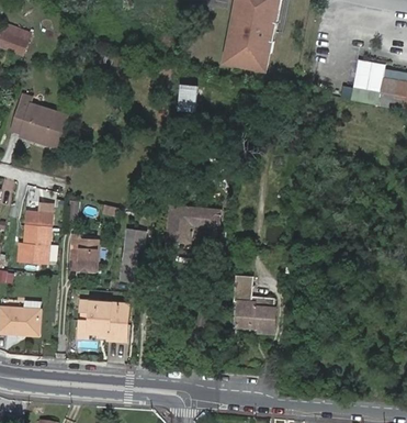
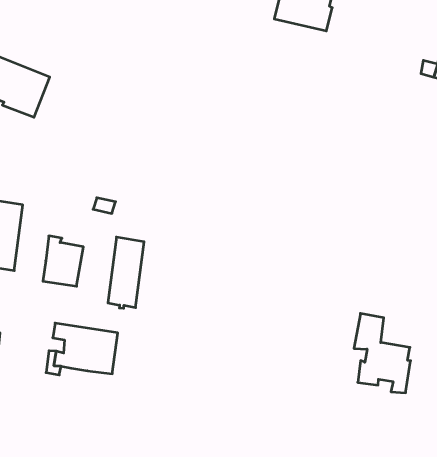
building: [173,82,194,111] -> none
building: [165,205,217,242] -> none
building: [228,272,271,330] -> [354,313,411,393]

